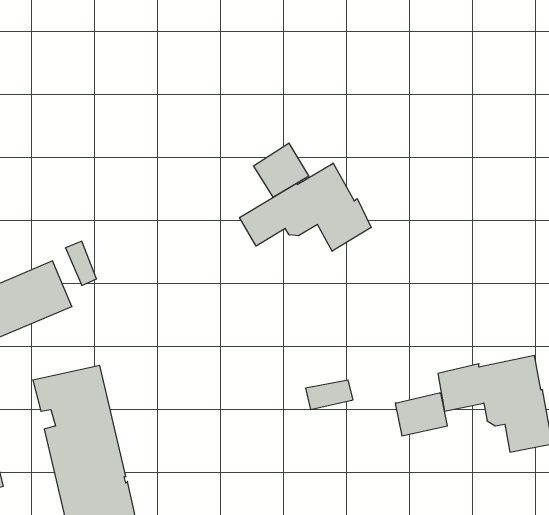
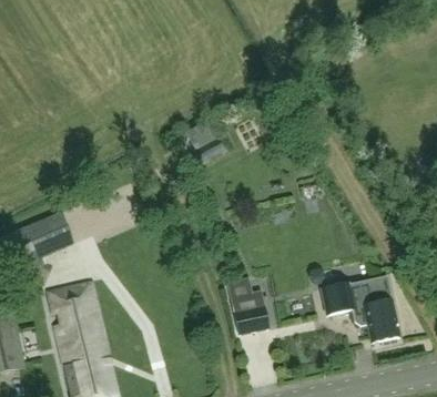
building: [240,163,371,251] -> none
building: [395,393,447,436] -> [233,306,268,335]

